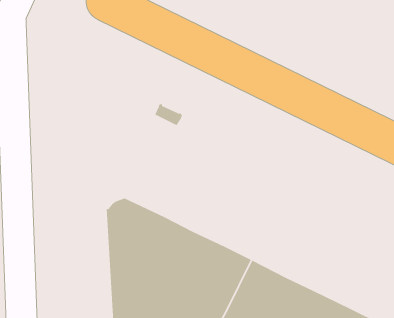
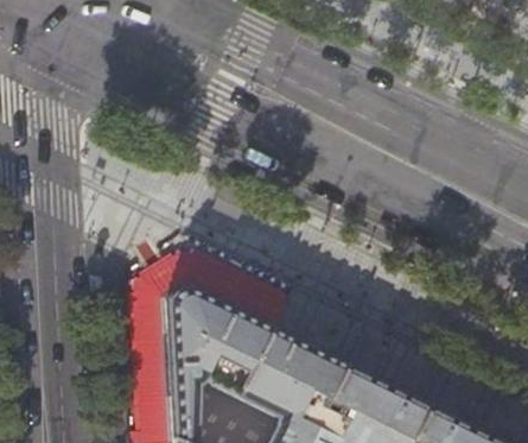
building: none -> [136,254,286,430]

